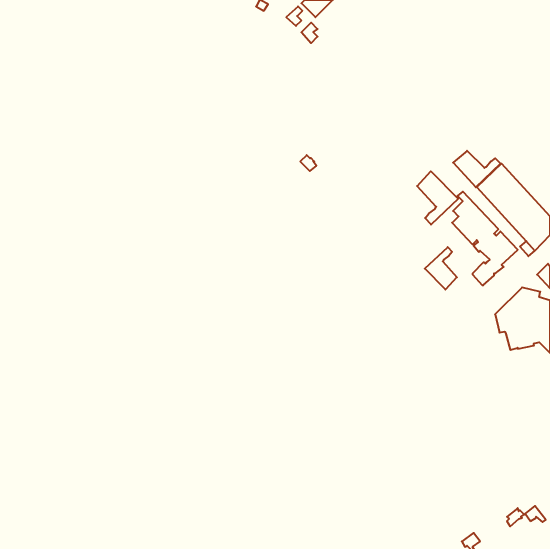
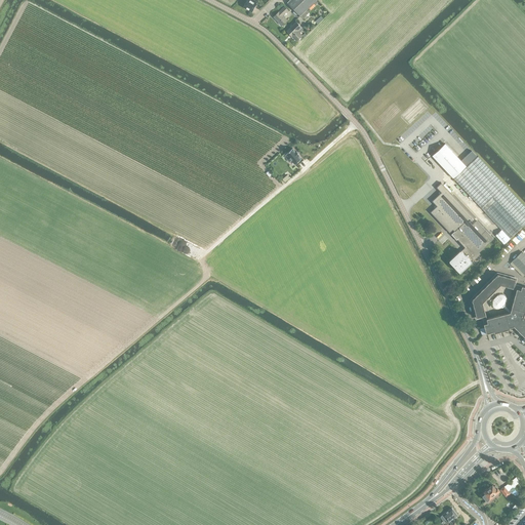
building: [417,171,458,225] -> none
building: [425,247,457,290] -> none

